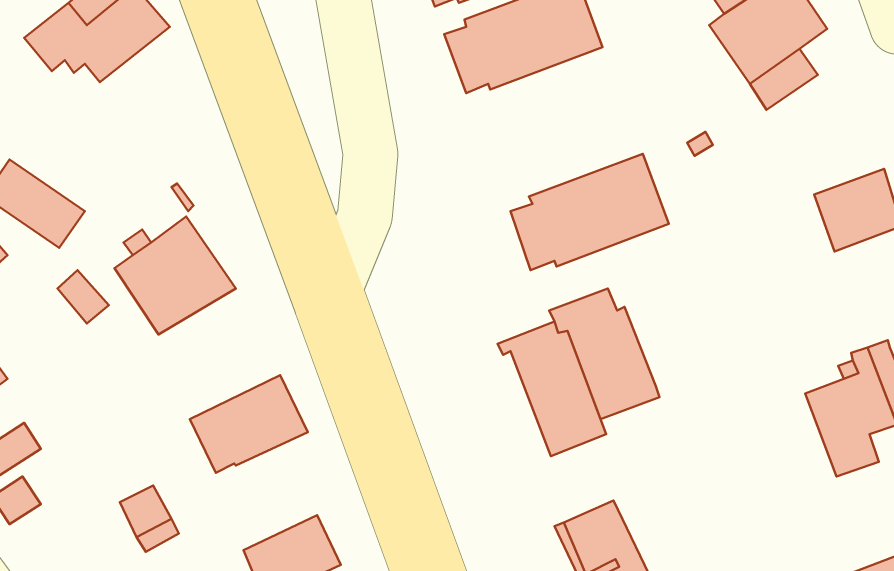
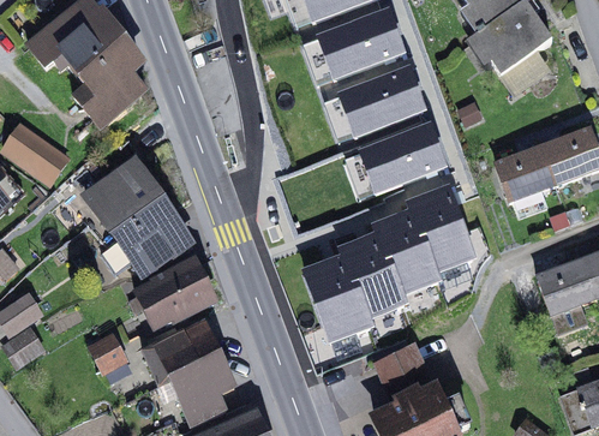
building: none -> [74,37,145,125]
building: none -> [324,64,427,138]
building: none -> [497,147,557,215]
building: none -> [407,184,477,271]
building: none -> [102,208,191,273]
building: none -> [301,249,375,341]
building: none -> [144,323,220,384]

